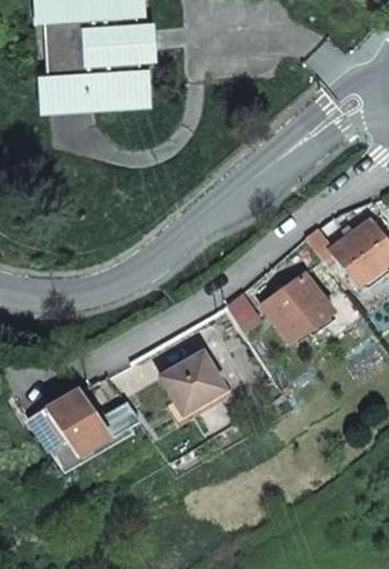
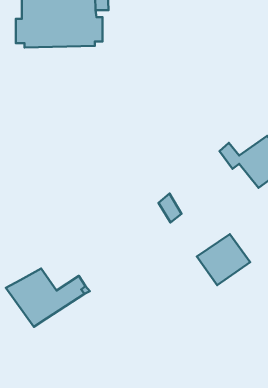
building: [263,274,333,341] -> [197,234,250,285]
building: [160,351,223,423] -> none

